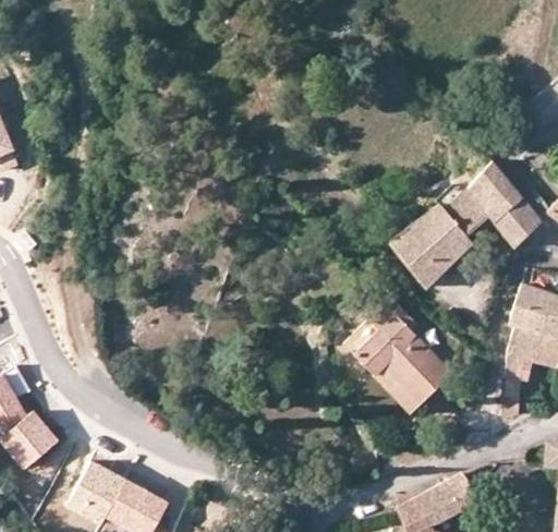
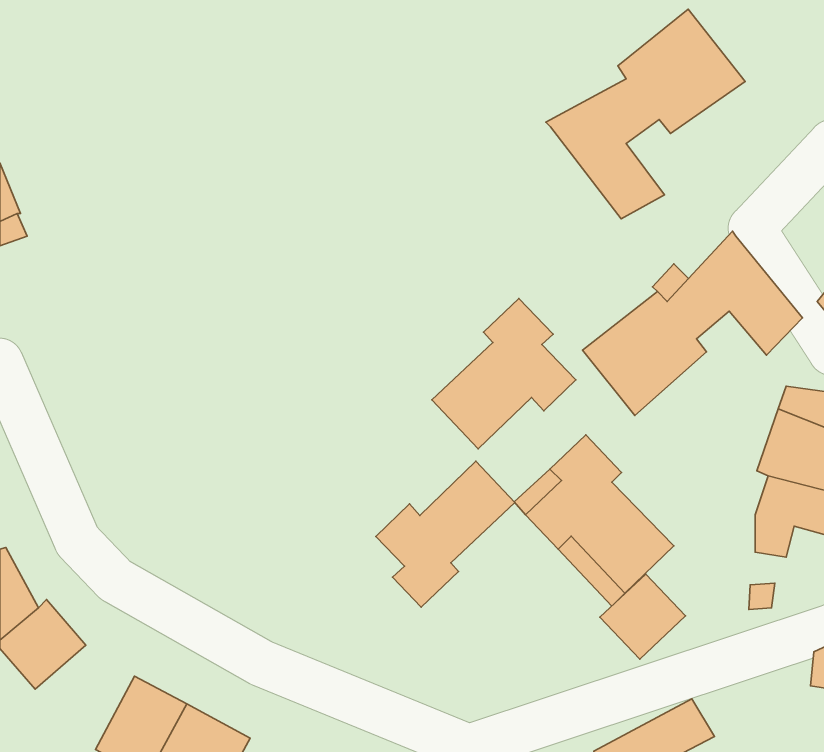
building: none -> [546,9,745,219]
building: none -> [432,298,576,449]
building: none -> [376,461,515,607]
building: none -> [600,574,686,659]

